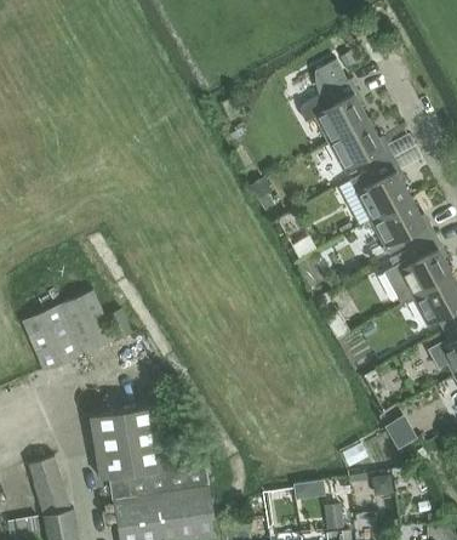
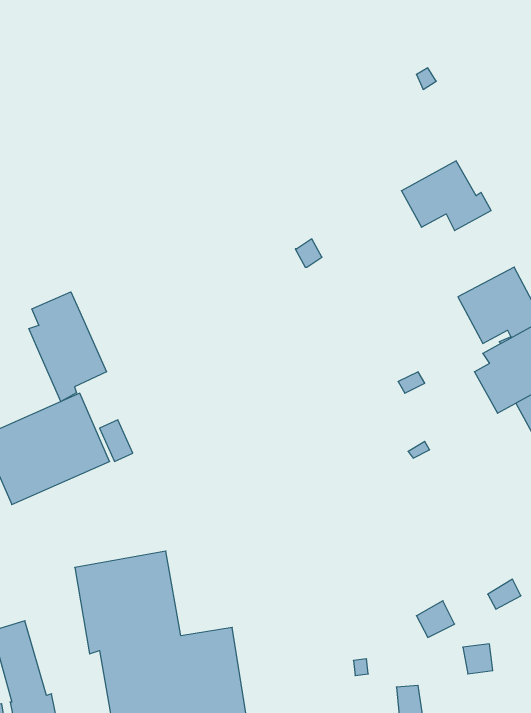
building: [302,59,369,142] -> none
building: [349,157,411,220] -> none
building: none -> [29,292,106,402]

